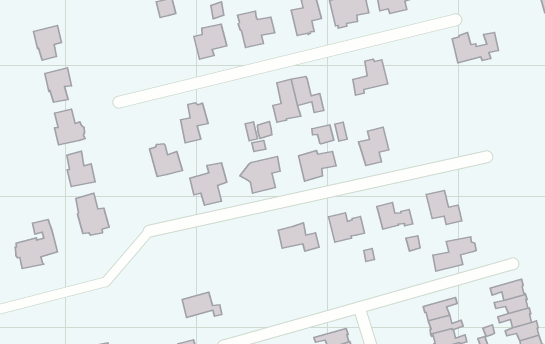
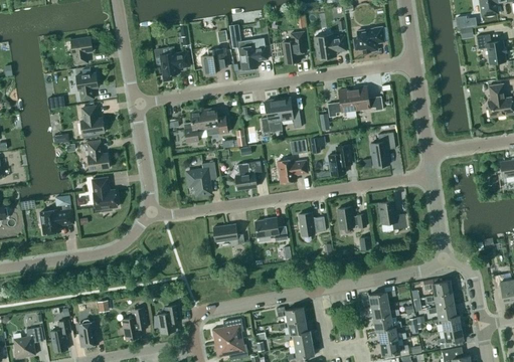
building: none -> [160,51,188,81]
building: [452,32,499,63] -> [352,85,389,110]
building: none -> [369,132,394,168]
building: [150,144,182,177] -> [202,109,227,135]
building: [433,237,476,271] -> none
building: [182,292,222,318] -> [212,223,243,243]

